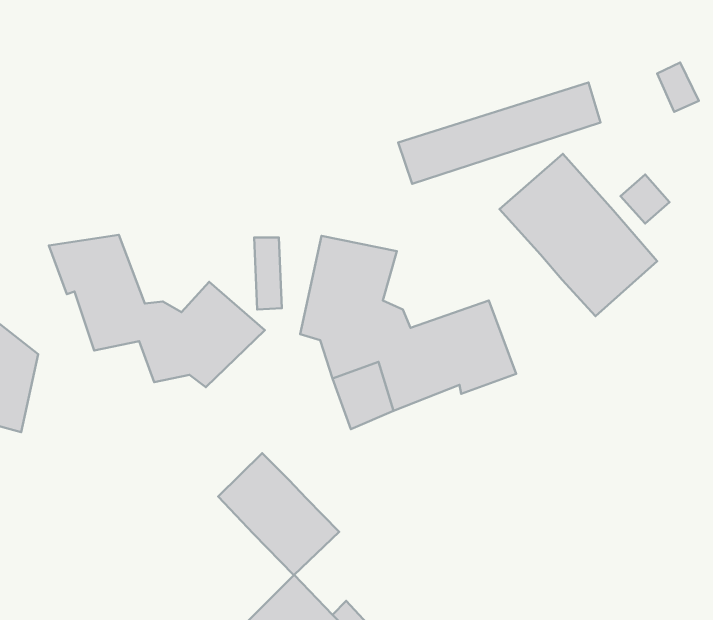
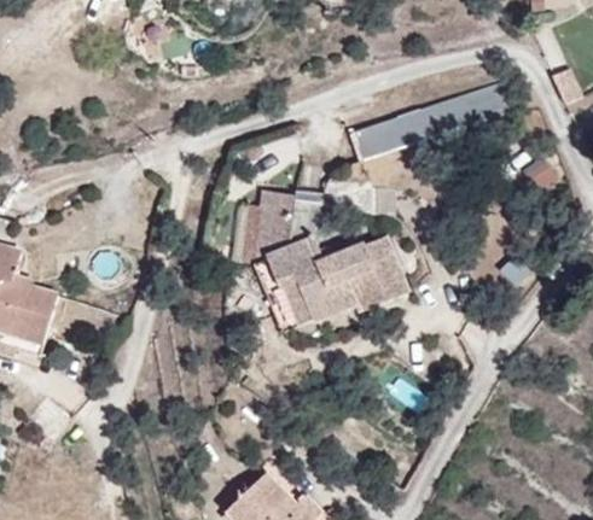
building: [499,154,657,316] -> none
building: [49,235,265,387] -> none
building: [218,453,339,575] -> none

